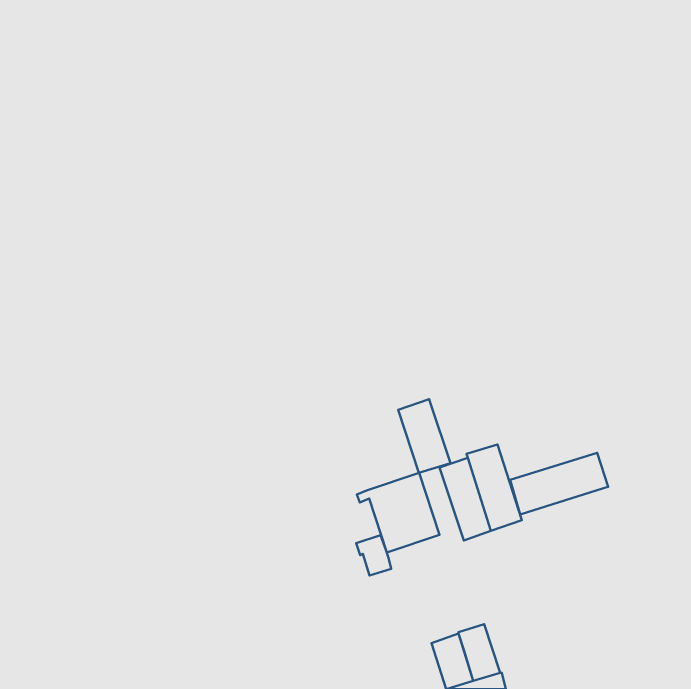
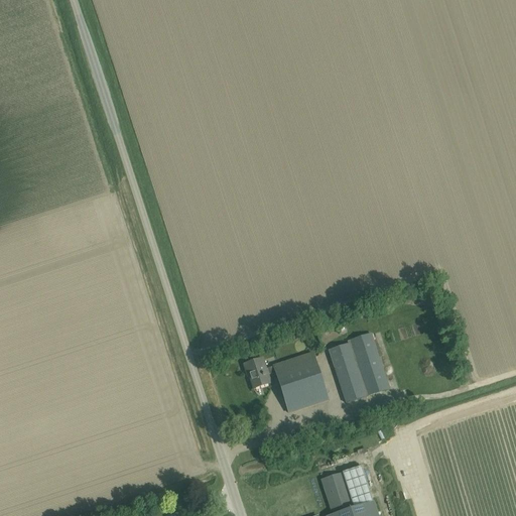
building: [398,399,451,473] -> none
building: [510,453,608,514] -> none
building: [356,535,391,576] -> [244,358,270,388]

